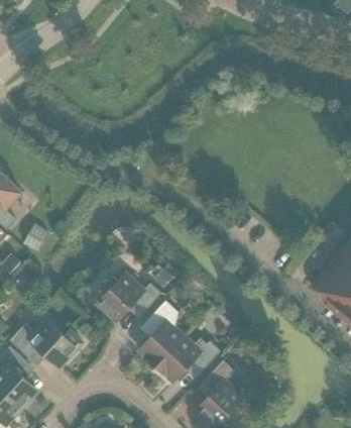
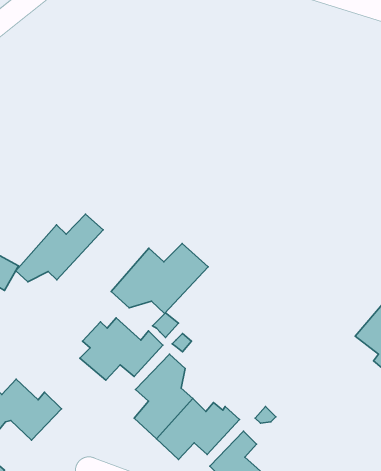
building: none -> [16,214,103,282]
building: none -> [111,243,208,314]

